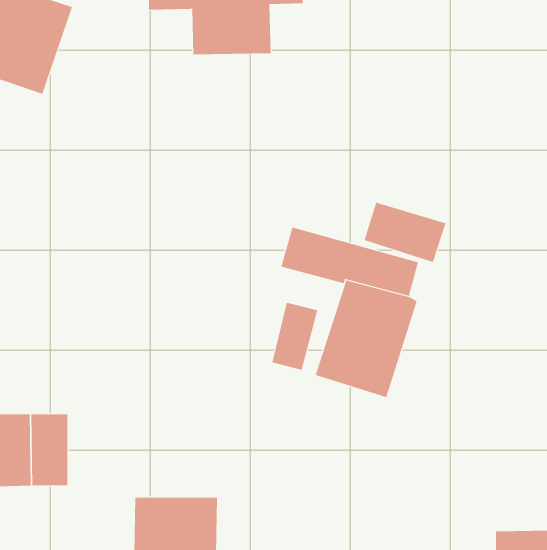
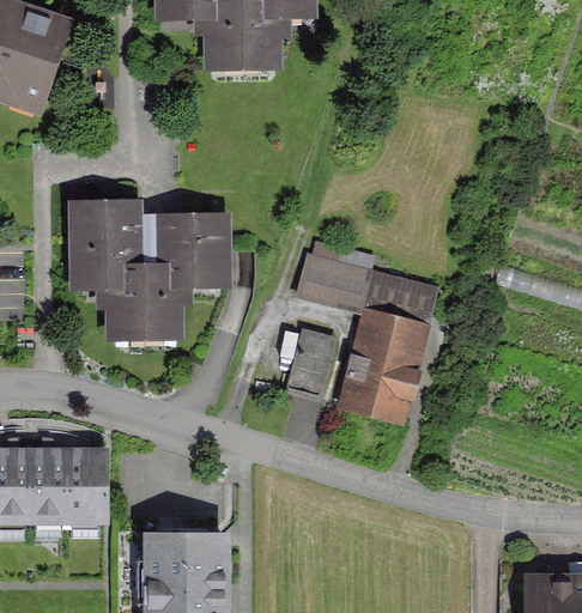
building: none -> [61,193,232,342]
building: [364,202,446,263] -> none
building: none -> [72,448,111,523]

